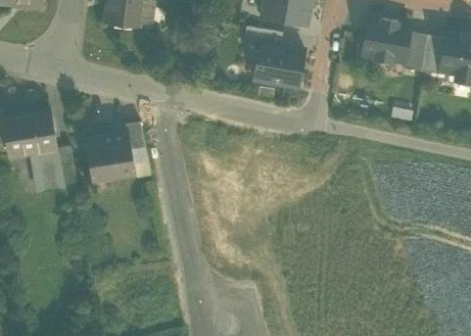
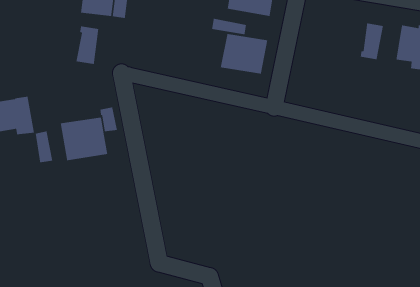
building: [361,19,410,61] -> none
building: none -> [75,25,99,65]
building: [420,35,444,75] -> none
building: [28,149,63,191] -> none

